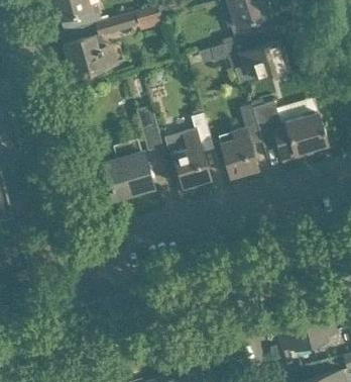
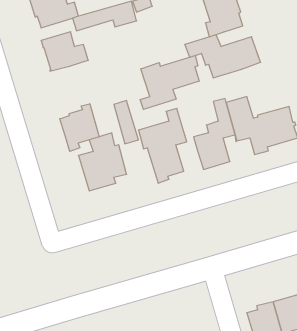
building: none -> [140,56,199,109]
building: none -> [60,104,99,151]

